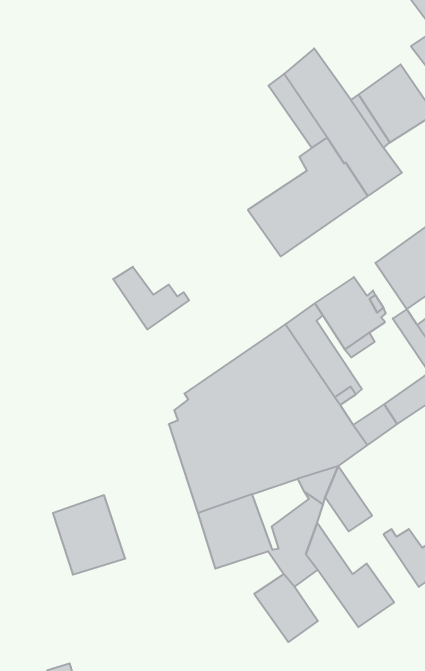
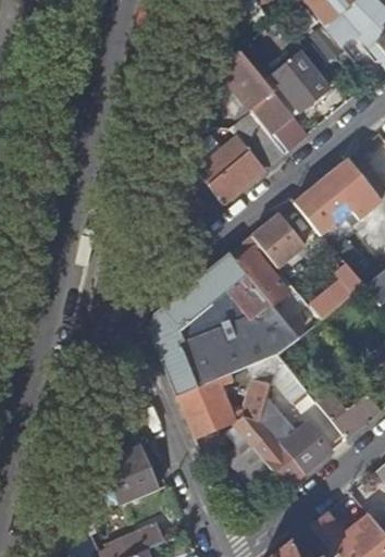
building: [113,267,189,329] -> none
building: [53,495,125,575] -> [104,444,161,505]
building: none -> [257,432,307,486]

